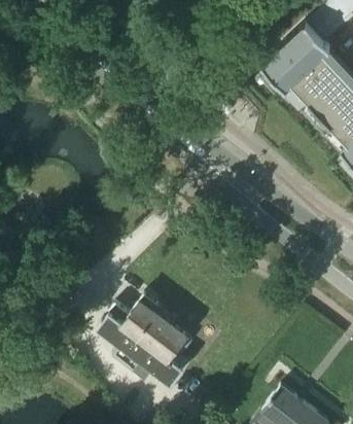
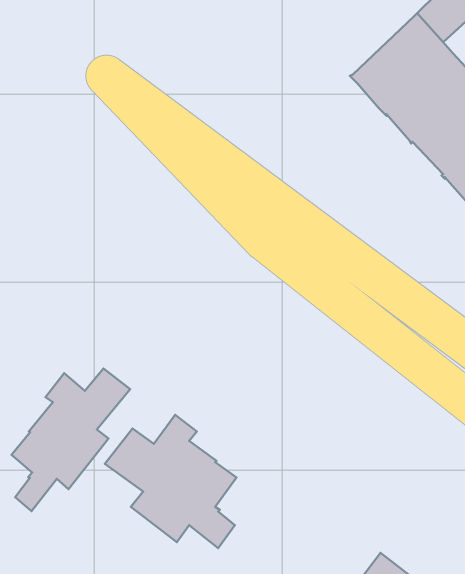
building: none -> [12,368,130,511]

